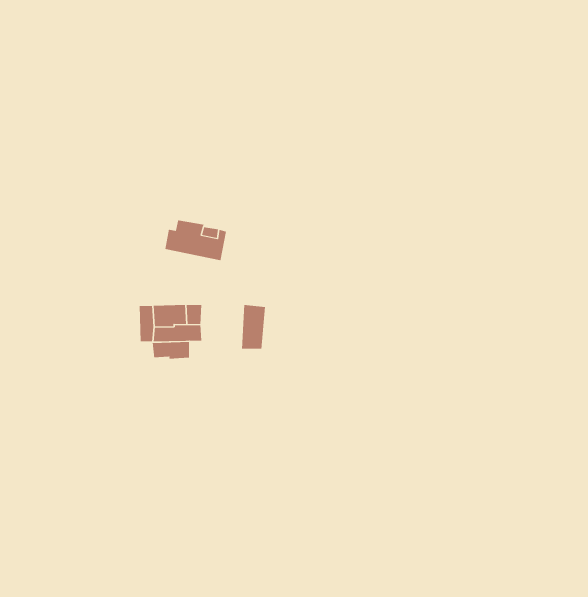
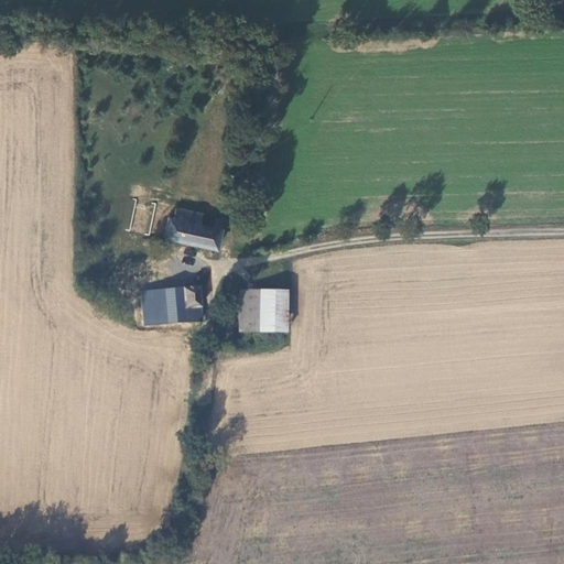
building: none -> [258,291,288,333]
building: [152,341,190,359] -> none

